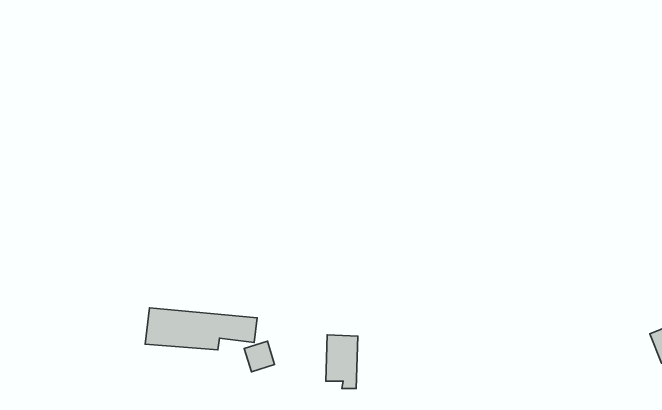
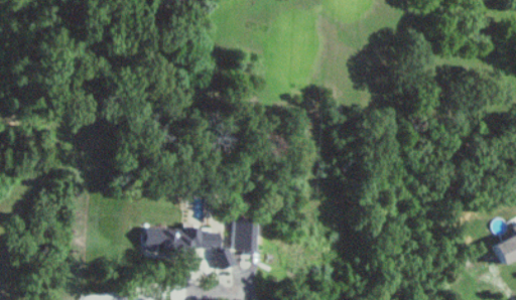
building: [326,335,358,389] -> [233,217,255,255]

